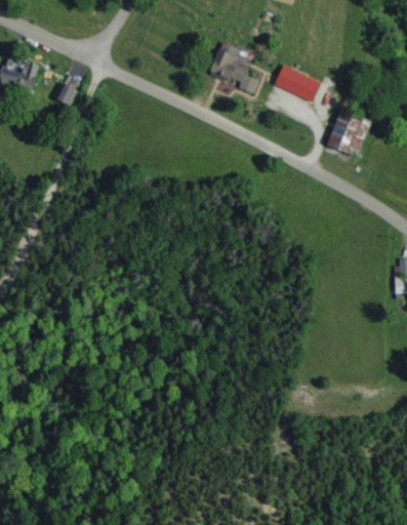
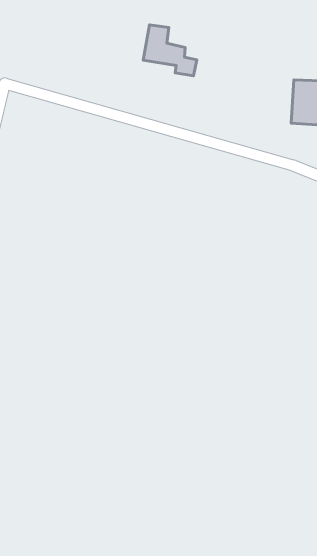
building: [273,65,321,103] -> none

